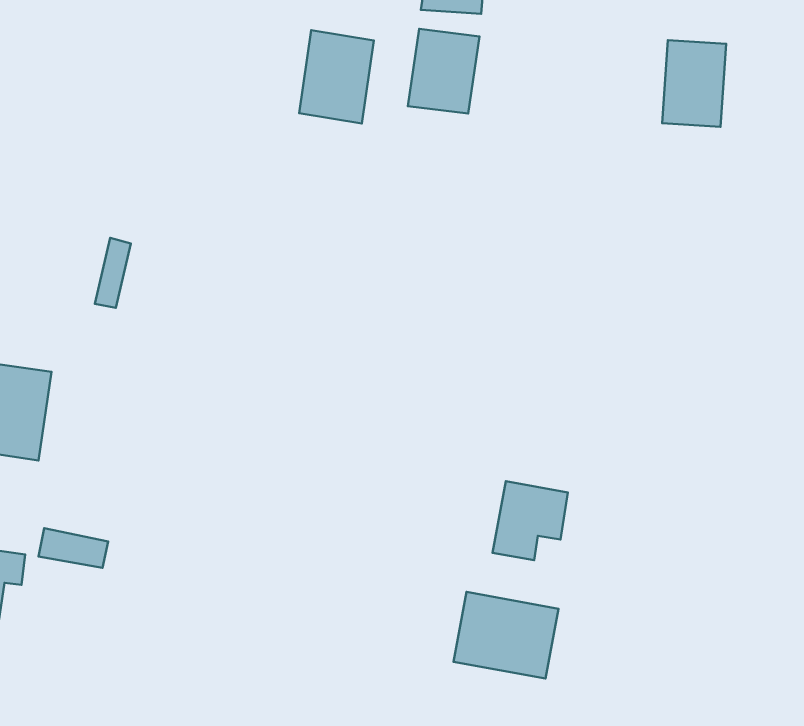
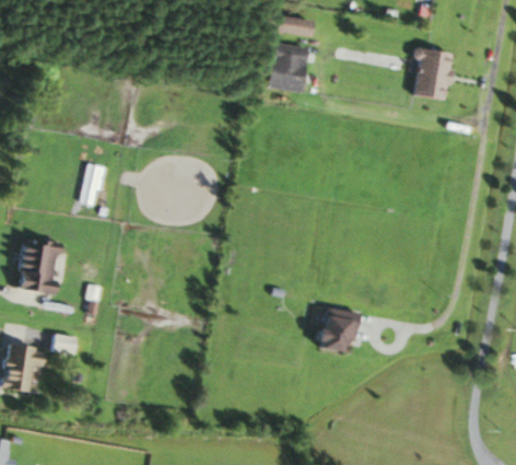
building: [299,30,374,124] -> none
building: [453,592,558,679] -> none

